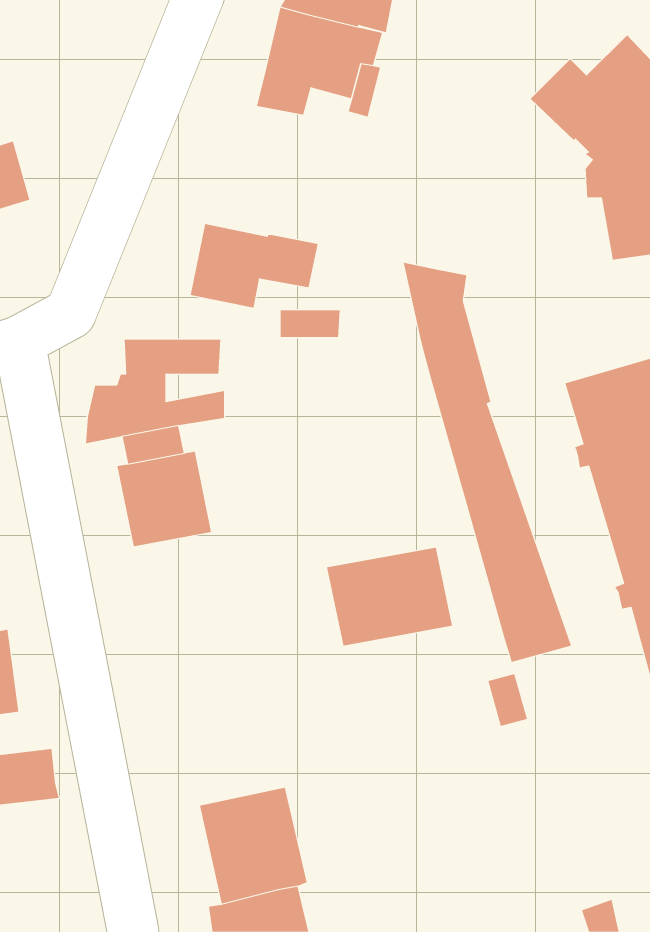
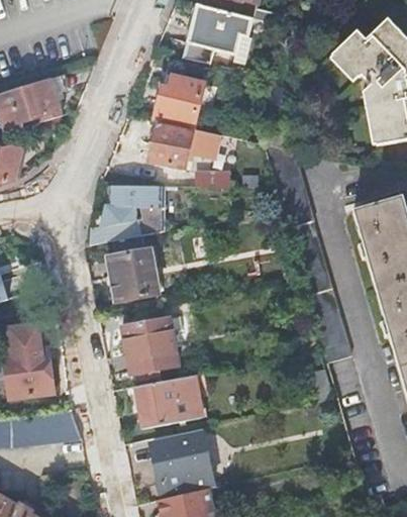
building: none -> [155,75,203,129]
building: [326,547,453,646] -> [133,375,203,429]
building: none -> [122,317,179,374]

